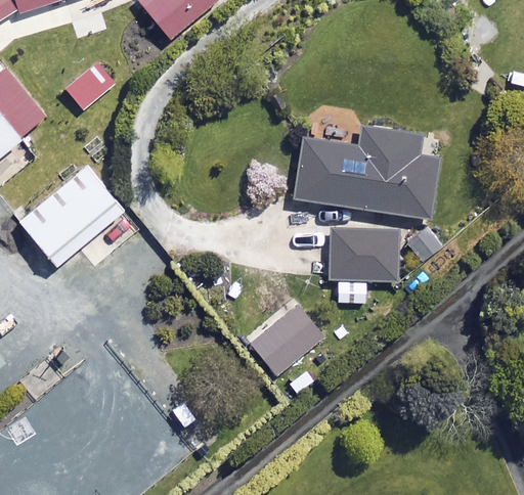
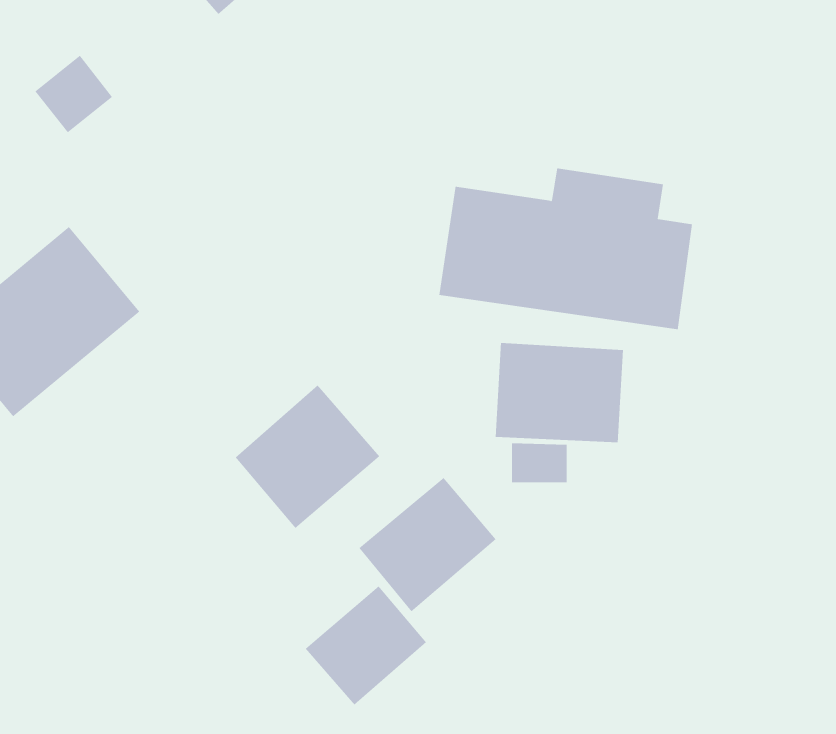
building: none -> [235,385,380,529]
building: none -> [305,586,427,706]

